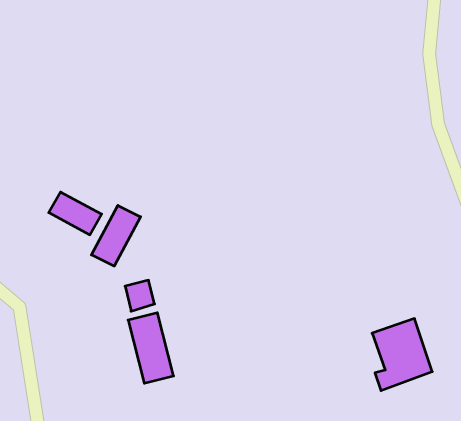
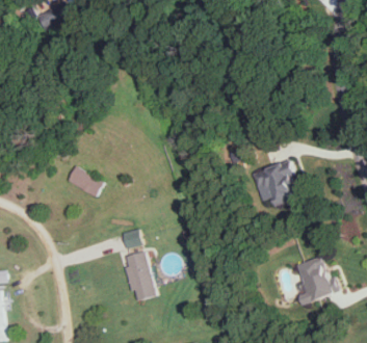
building: none -> [252,164,299,204]
building: [91,205,141,266] -> none

